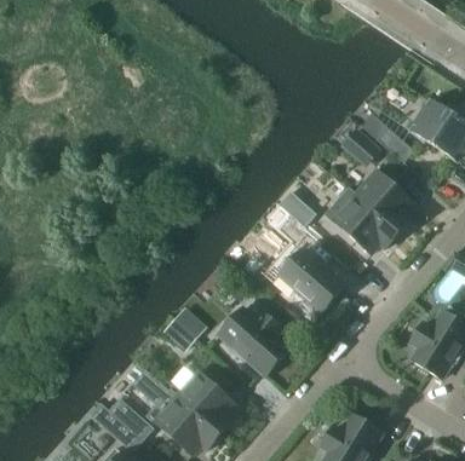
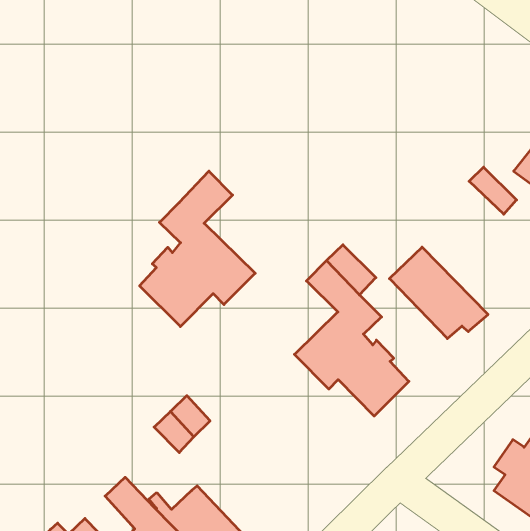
building: [341,128,380,167] -> none
building: none -> [140,171,255,327]
building: [348,169,414,234] -> none
building: [219,307,289,375] -> none

